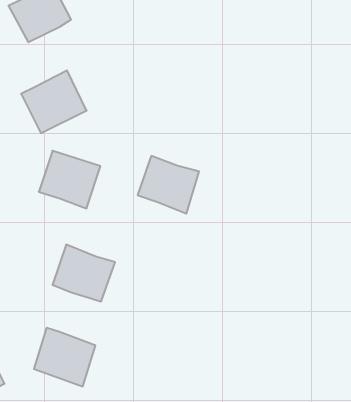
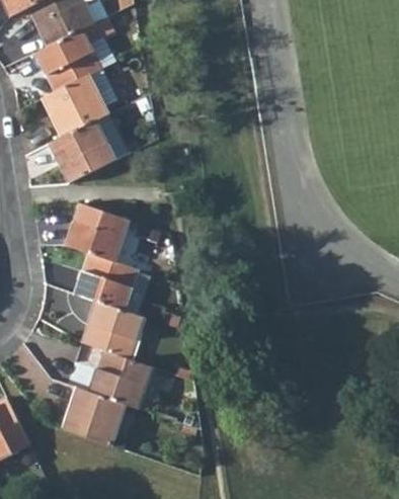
building: none -> [43,74,108,137]
building: [138,156,199,214] -> [74,252,138,312]
building: none -> [87,349,151,409]

